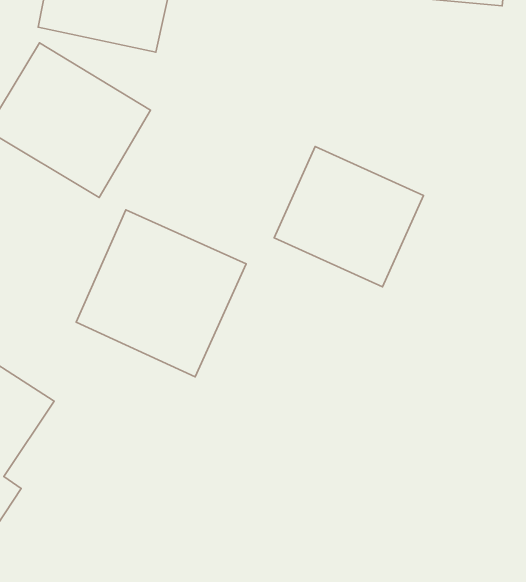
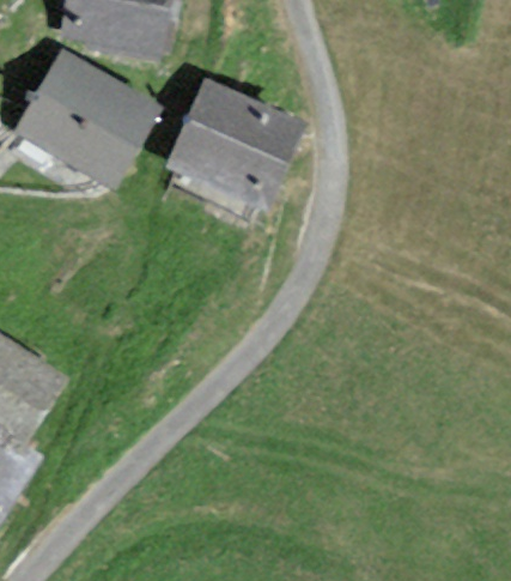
building: [274,147,423,287] -> [170,80,305,207]
building: [76,210,246,377] -> none

